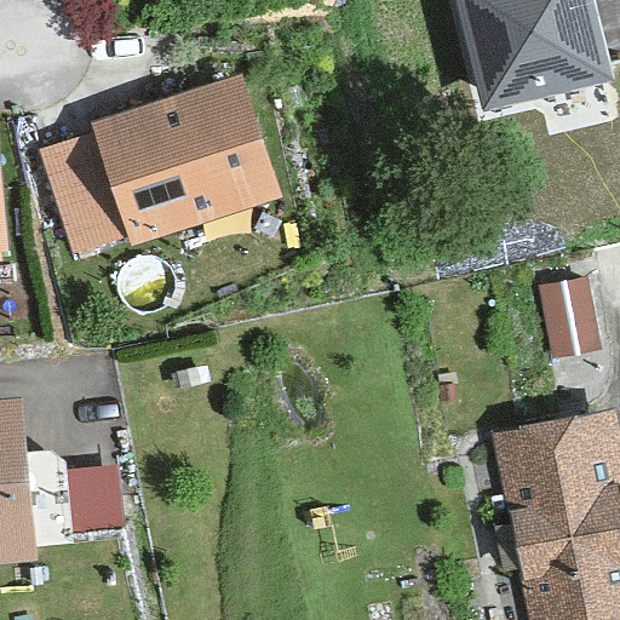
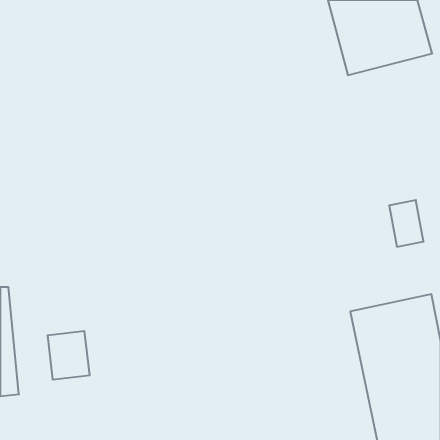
building: [46,75,277,242] -> none

